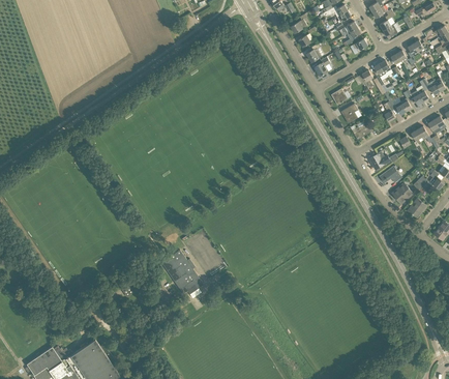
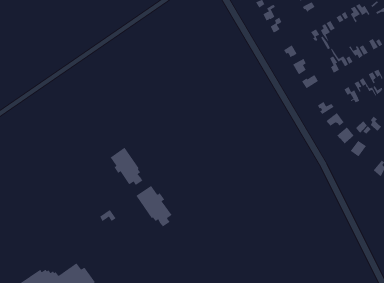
building: none -> [110,147,143,186]

